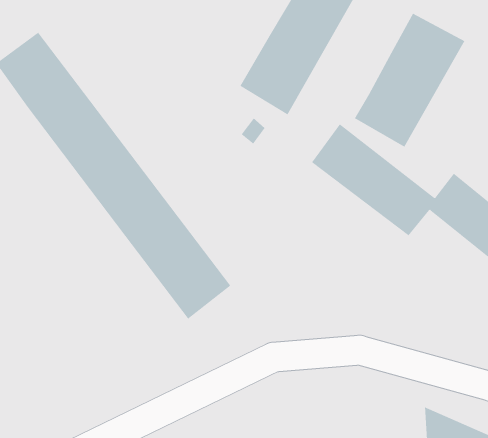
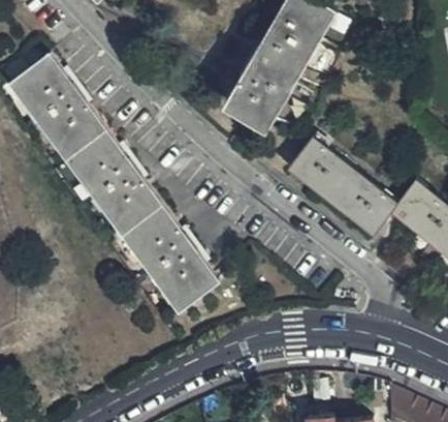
building: [354,13,465,148] -> none

